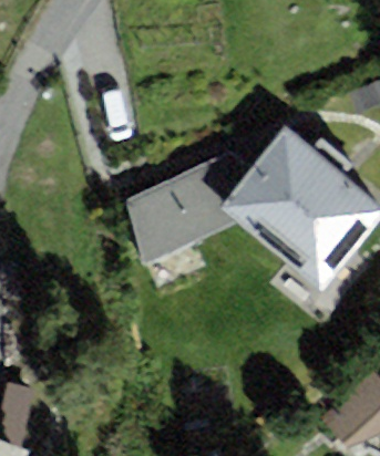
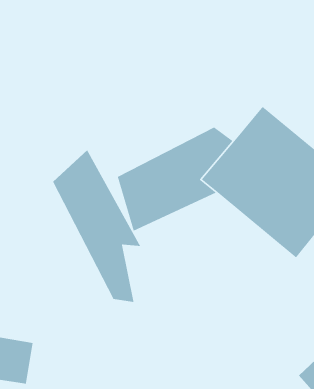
building: none -> [52,149,141,303]

